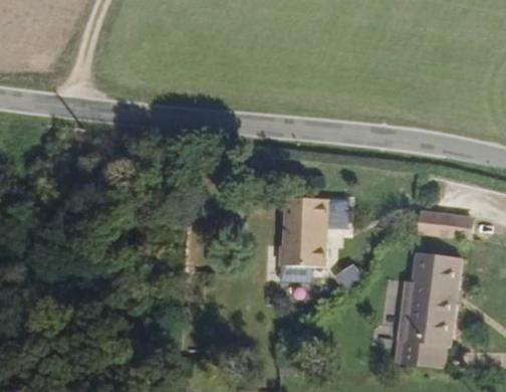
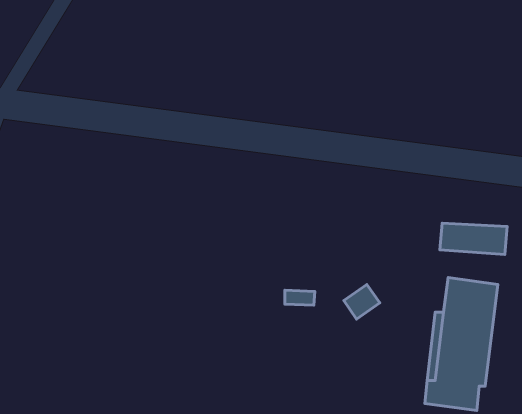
building: [276,191,328,263] -> none

